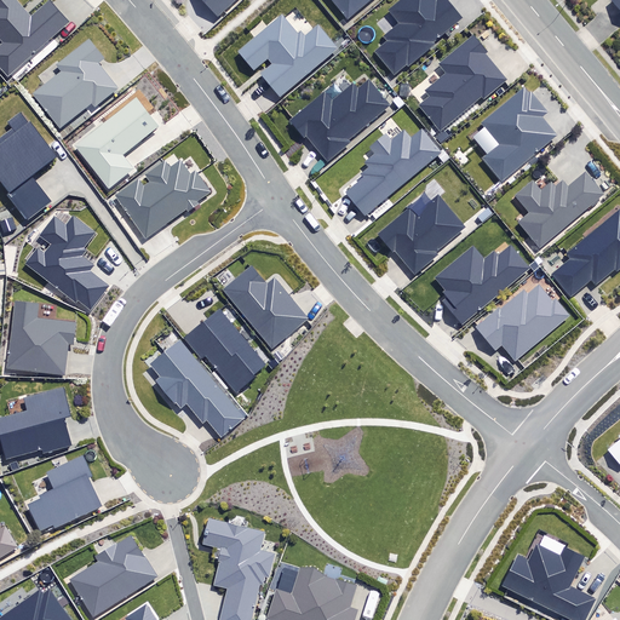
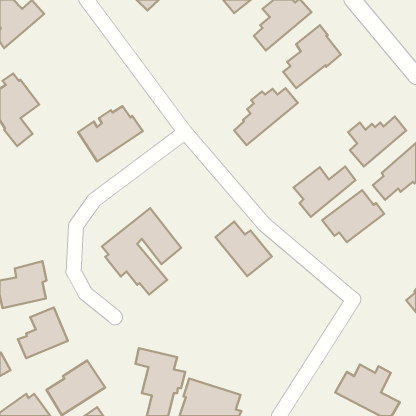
building: [241,17,338,97] -> none
building: [34,41,120,130] -> none
building: [292,82,390,161] -> none
building: [483,88,557,180] -> none
building: [73,94,159,189] -> none
building: [379,197,465,272] -> none
building: [23,211,105,305] -> none
building: [223,264,306,345] -> [215,222,272,276]
building: [5,302,75,374] -> none

